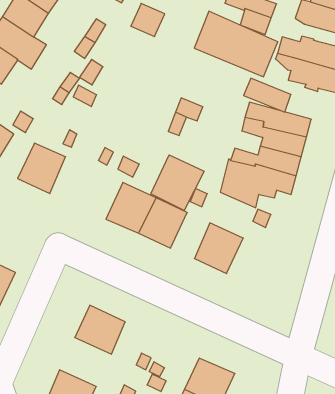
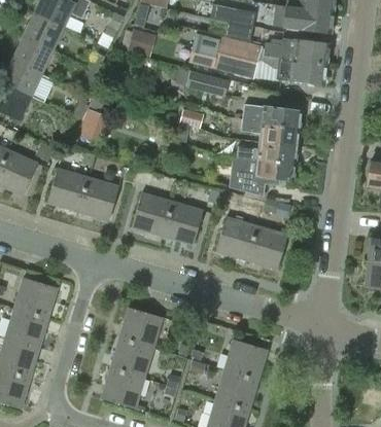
building: [244,78,291,112] -> [185,71,228,97]
building: [151,155,204,210] -> none
building: none -> [77,177,118,220]
building: none -> [246,226,287,270]
building: none -> [109,337,153,379]

